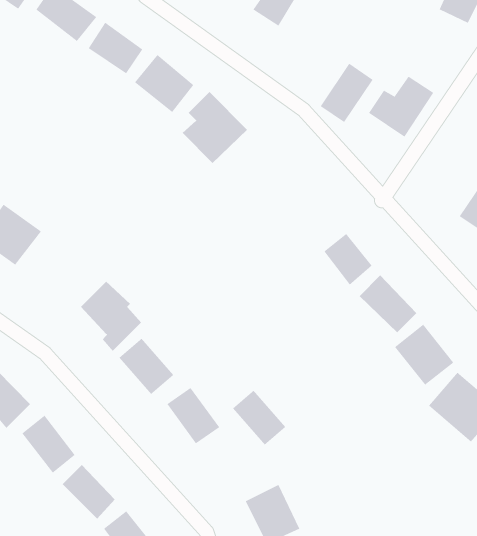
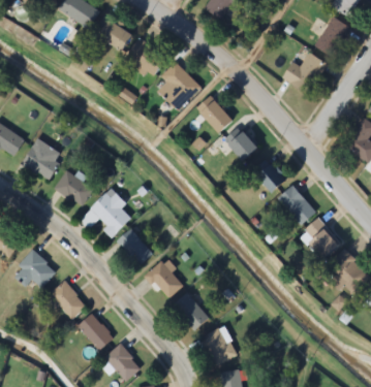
building: [320,63,374,123] -> [314,17,350,57]
building: none -> [197,96,233,134]
building: none -> [225,128,257,160]
building: none -> [54,170,94,207]
building: [232,390,286,445] -> [173,293,209,330]

